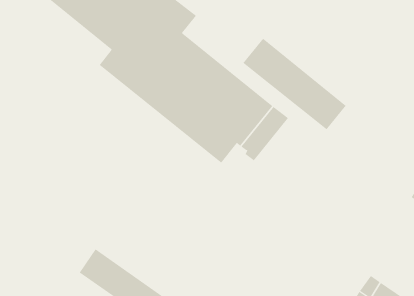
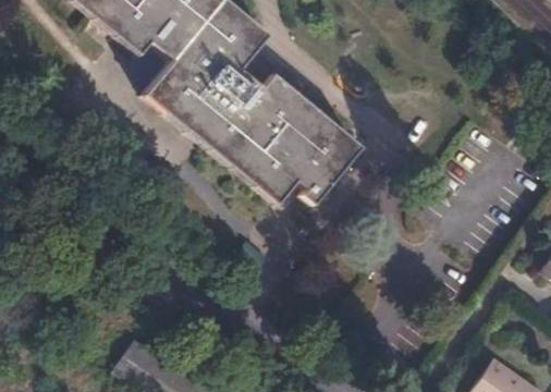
building: [242,38,346,130] -> none

